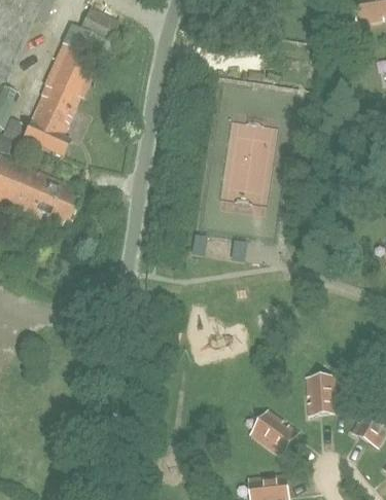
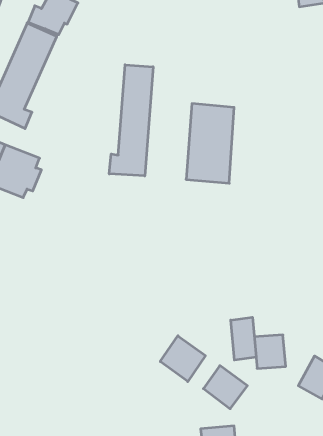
building: none -> [109,65,153,176]
building: none -> [231,317,256,360]
building: none -> [160,336,205,382]

